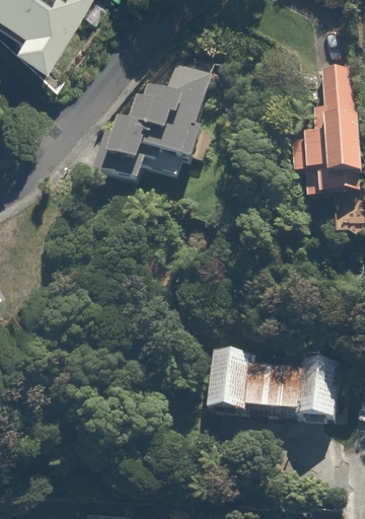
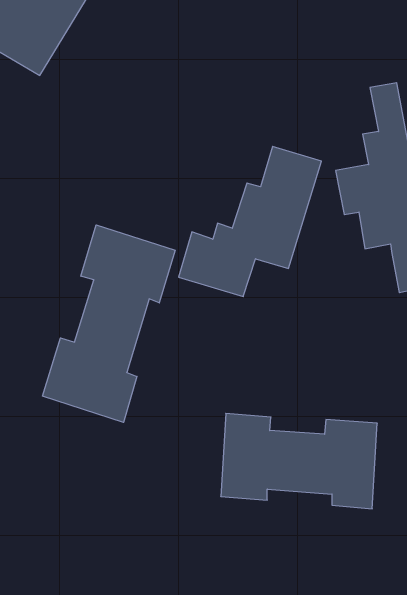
building: [93,66,212,191] -> [179,146,321,297]
building: none -> [43,225,175,422]

